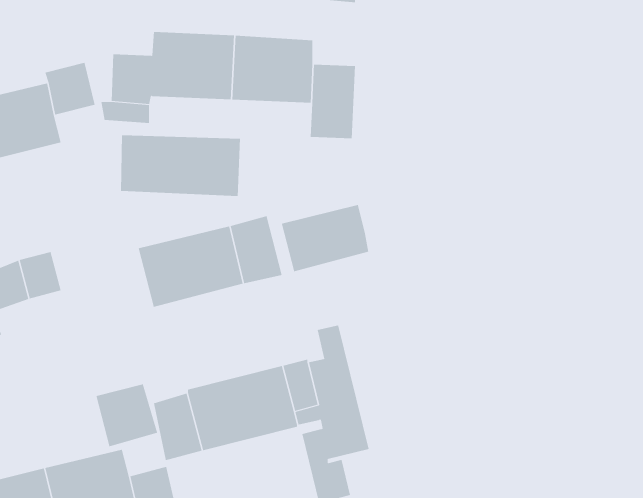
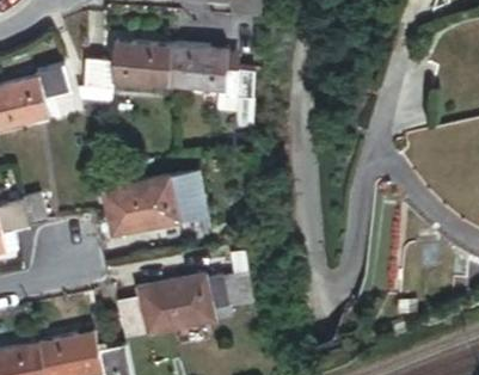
building: [121,135,241,197] -> none
building: [281,204,369,272] -> none
building: [96,384,158,447] -> none

